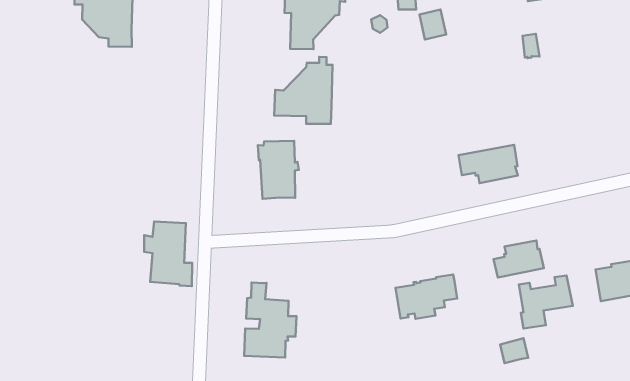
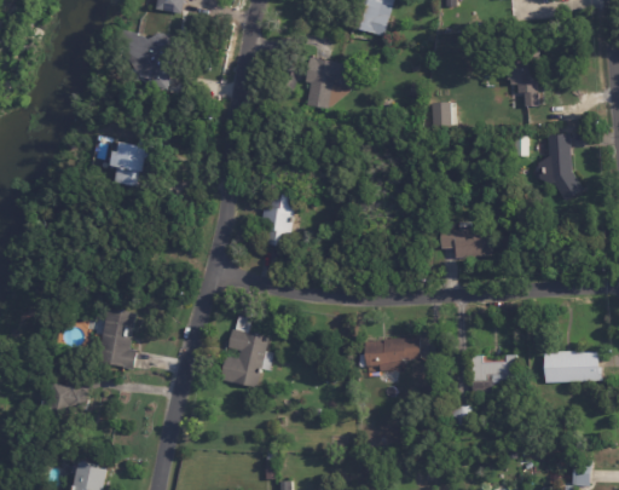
building: none -> [537,134,582,201]
building: [274,57,333,124] -> none
building: none -> [111,139,160,186]
building: [144,221,192,286] -> [94,307,135,370]
building: [494,240,544,278] -> none

